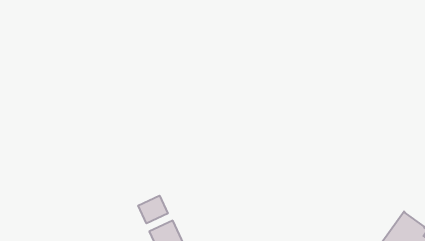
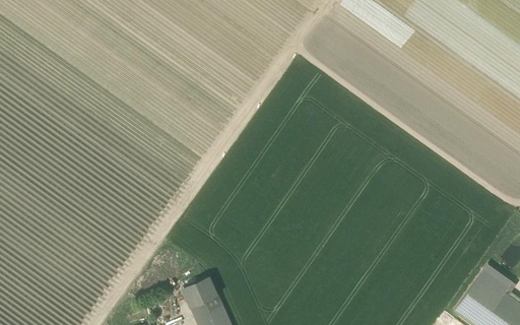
building: [138,196,168,223] -> none

